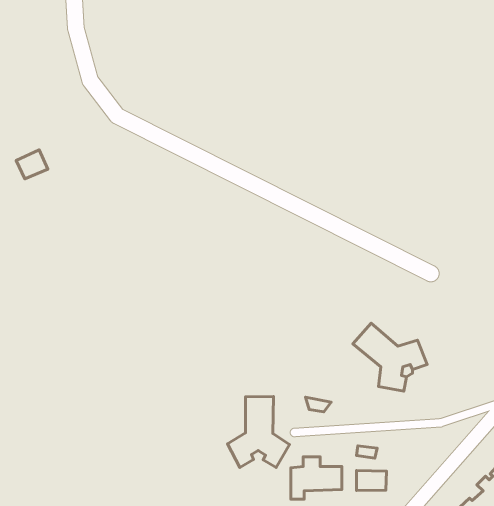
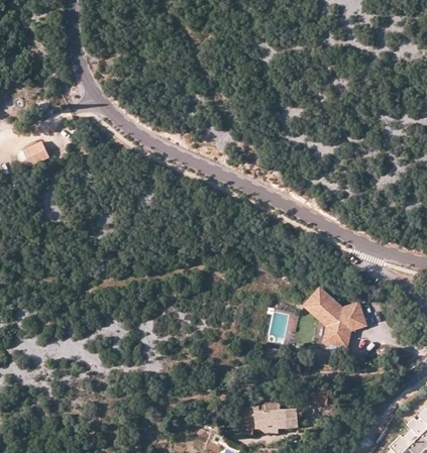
building: [228,396,289,468] -> none
building: [357,470,386,490] -> none

